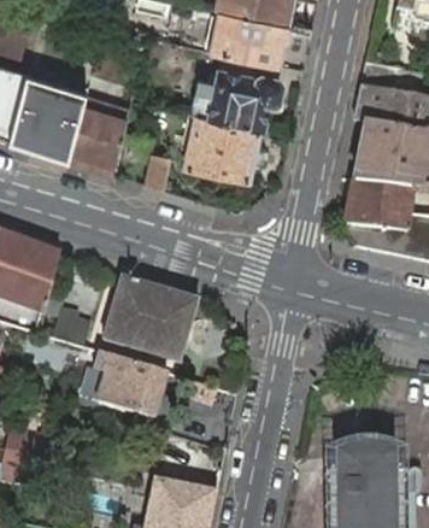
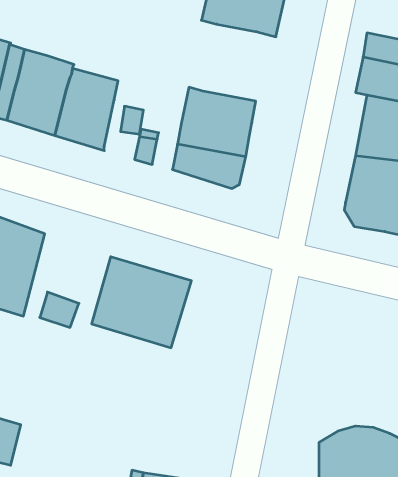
building: [190,52,280,125] -> none
building: [93,350,168,416] -> none

